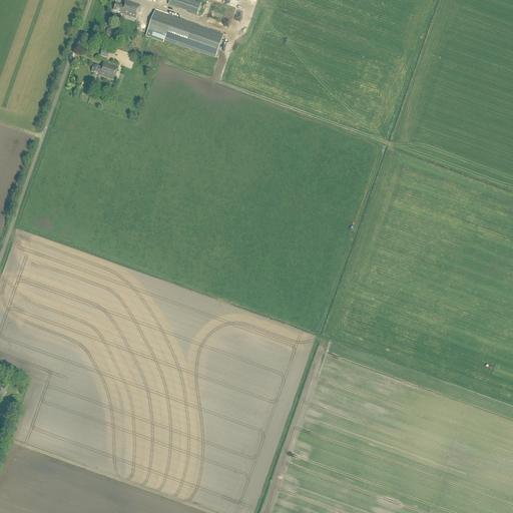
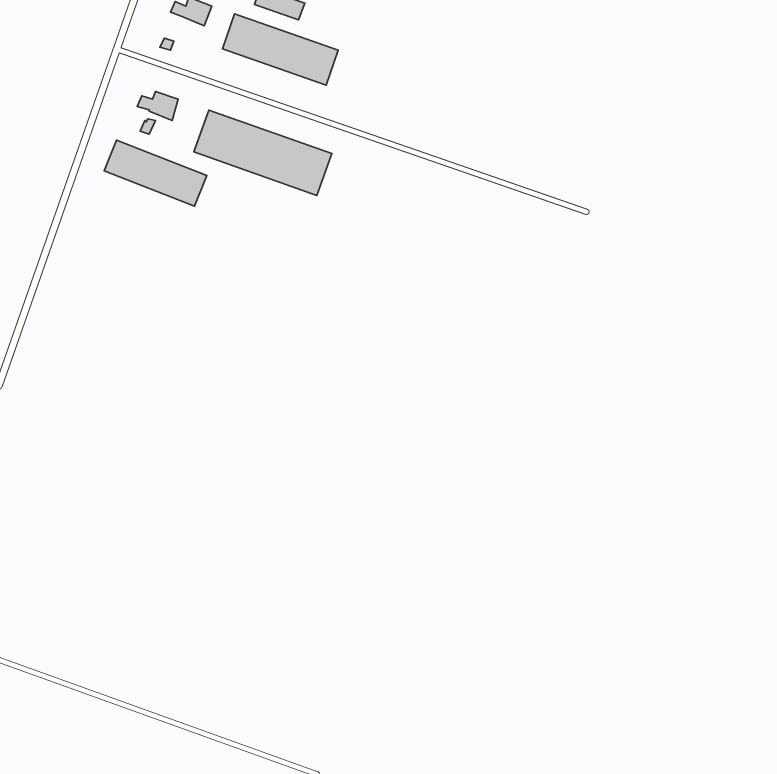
building: none -> [194,110,332,195]
building: none -> [104,140,207,206]

